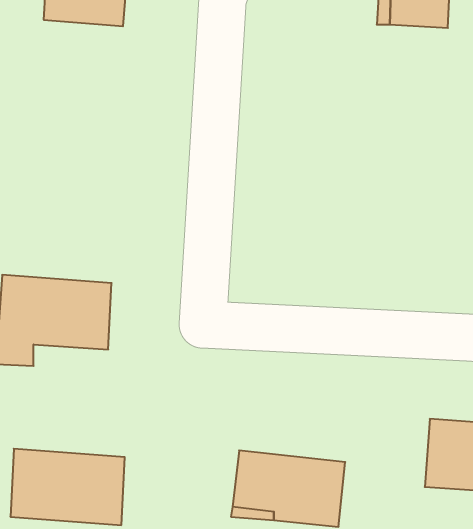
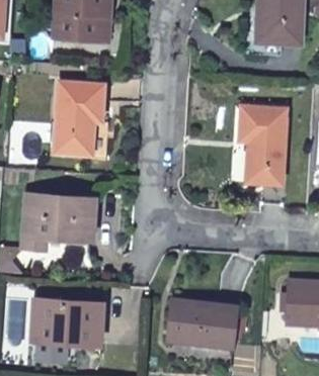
building: none -> [56,84,103,155]
building: none -> [239,107,287,185]

